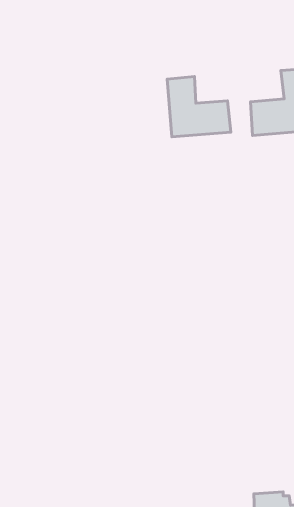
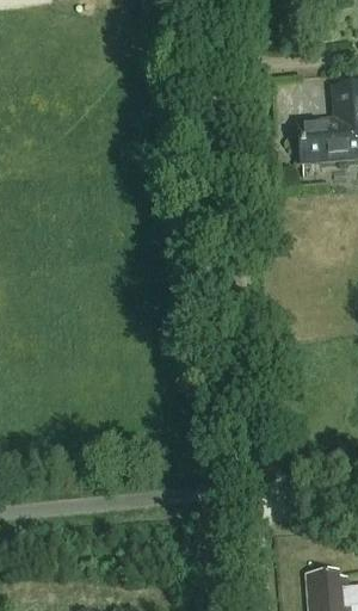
building: [167,77,231,137] -> none

